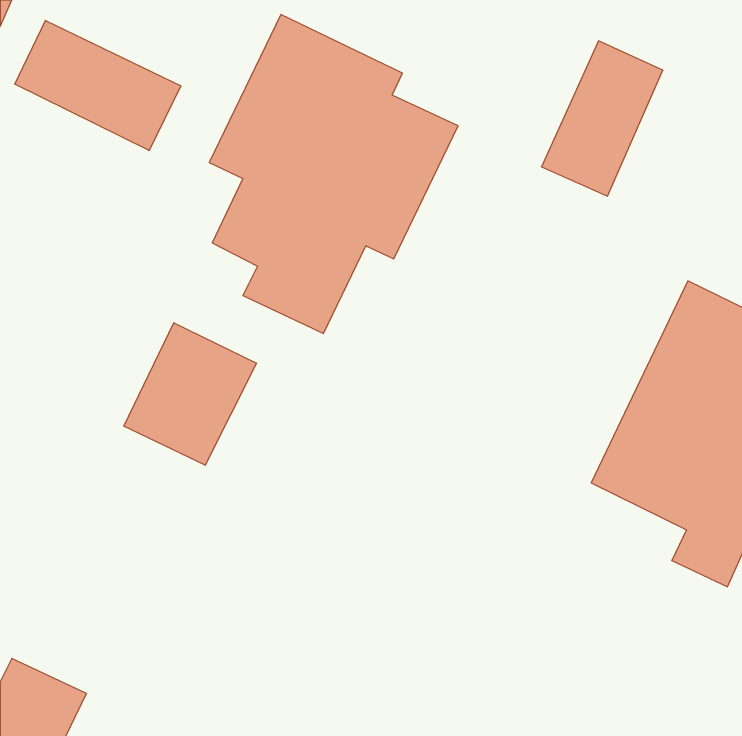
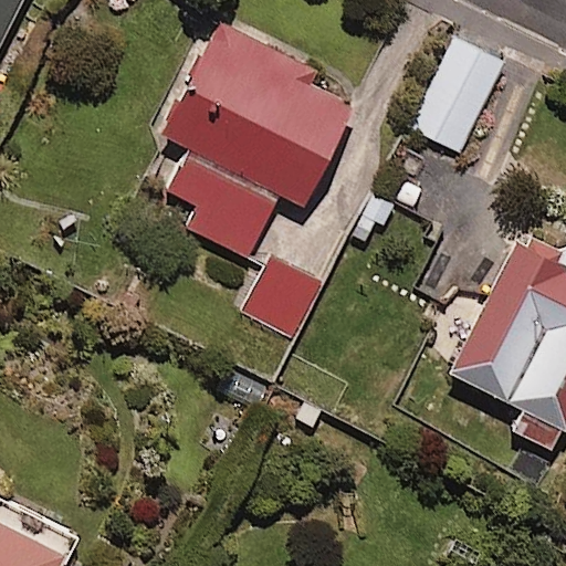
building: [15,20,181,151] -> none
building: [124,323,256,465] -> none

